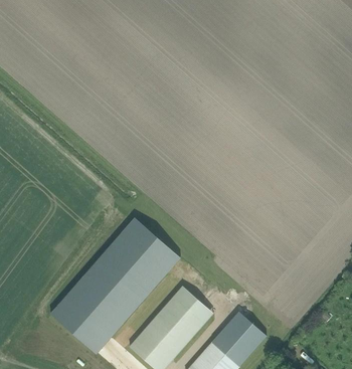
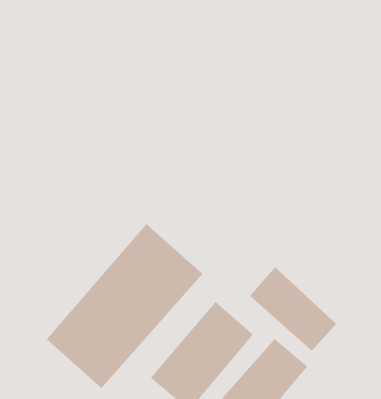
building: none -> [249,266,337,351]

